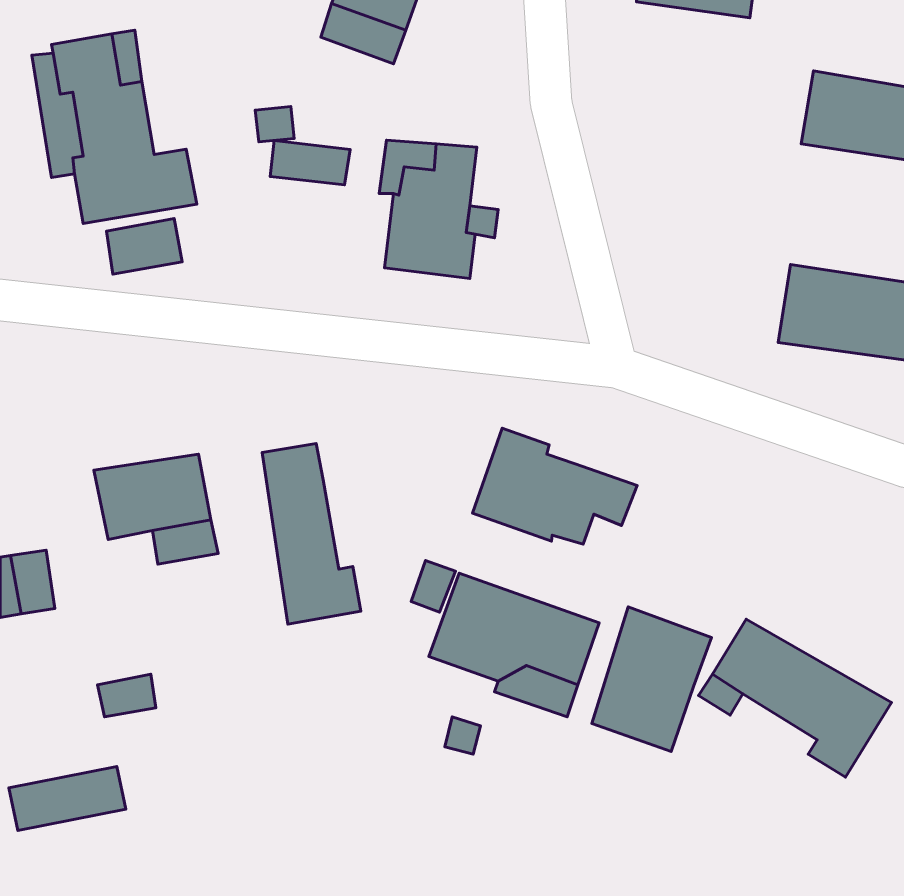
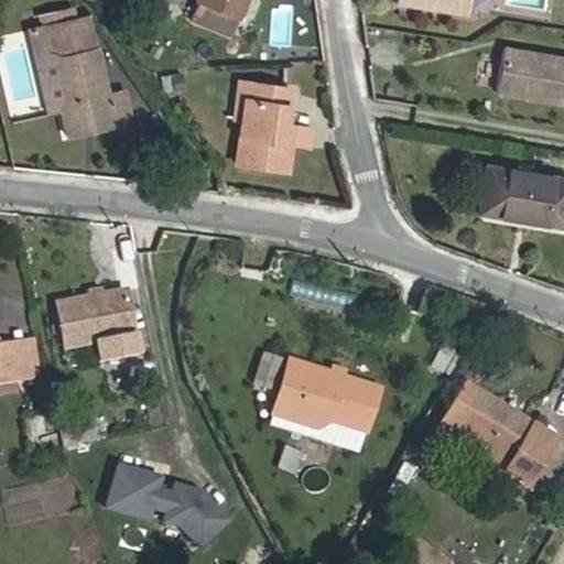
building: [270,140,350,185] -> none
building: [106,218,182,274] -> none
building: [473,428,637,544] -> none
building: [262,443,361,624] -> none
building: [592,607,711,752] -> none
building: none -> [108,466,229,541]

